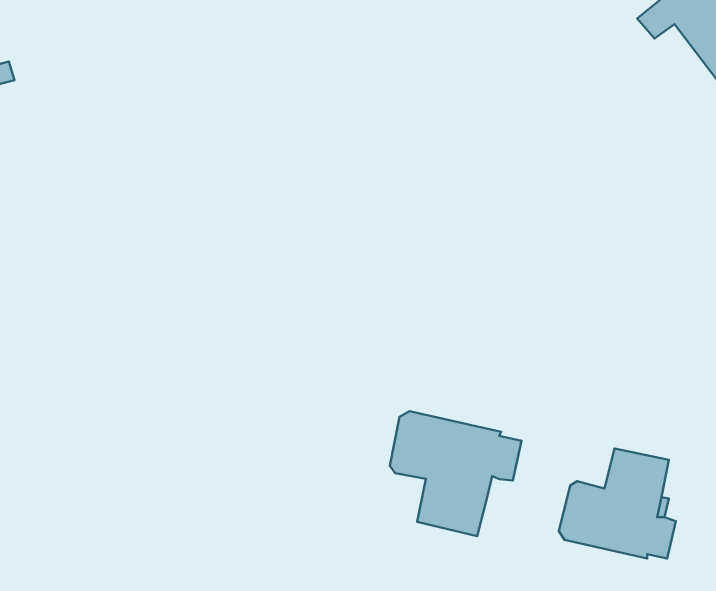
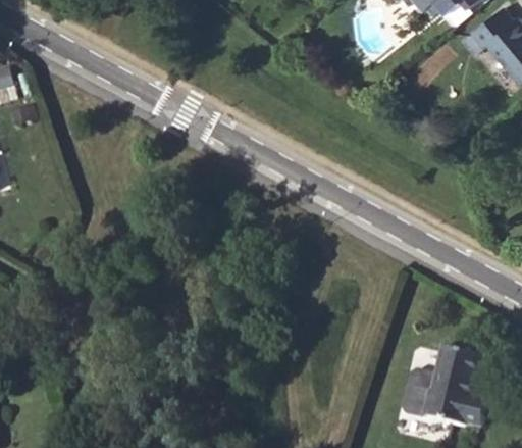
building: [390,411,521,536] -> none

